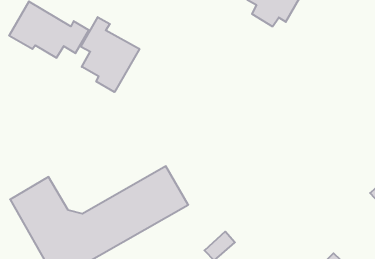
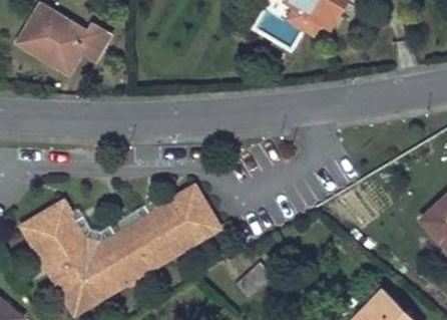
building: [81,17,139,92] -> none

